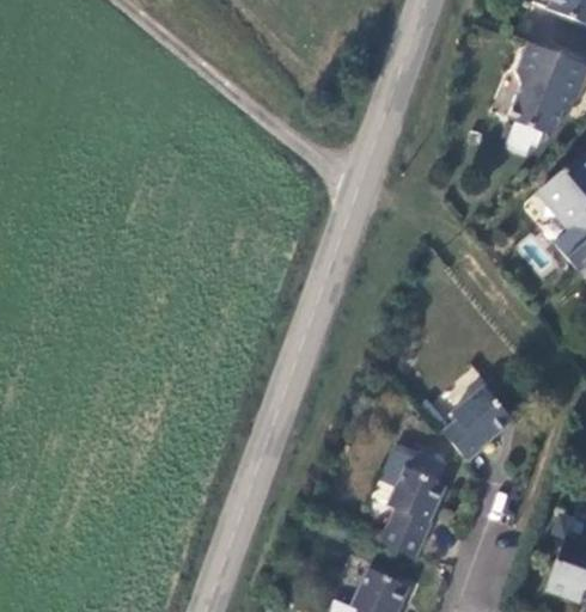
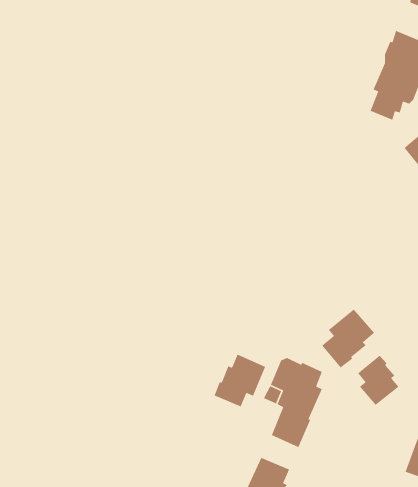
building: none -> [214,353,266,407]
building: none -> [357,355,400,406]

